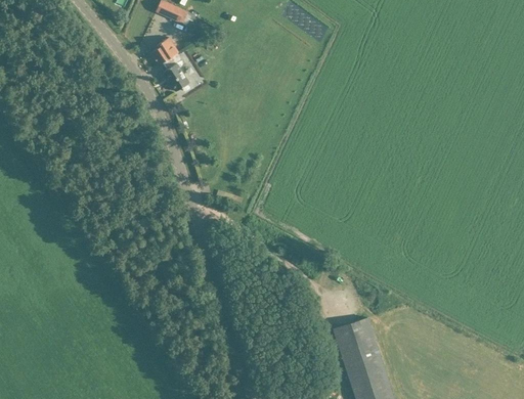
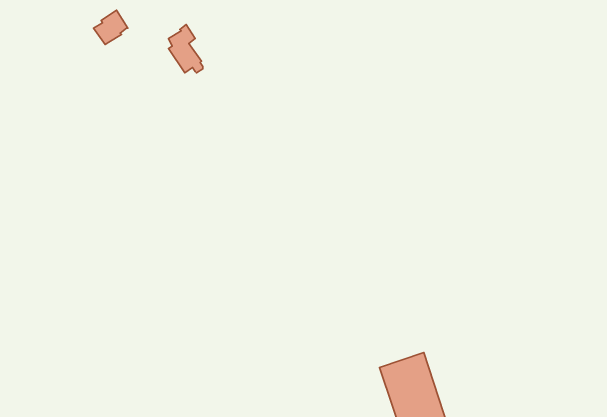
building: [150,38,178,65] -> [94,10,128,45]

